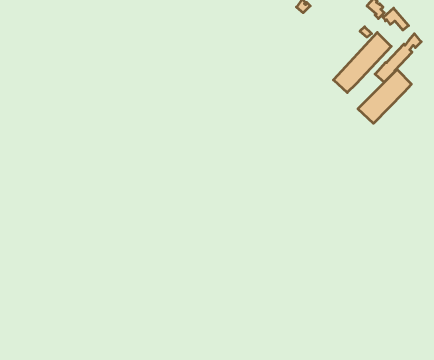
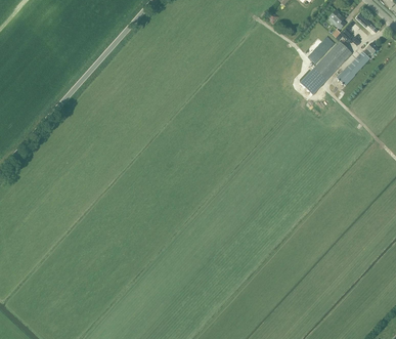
building: [358,70,411,123] -> none

